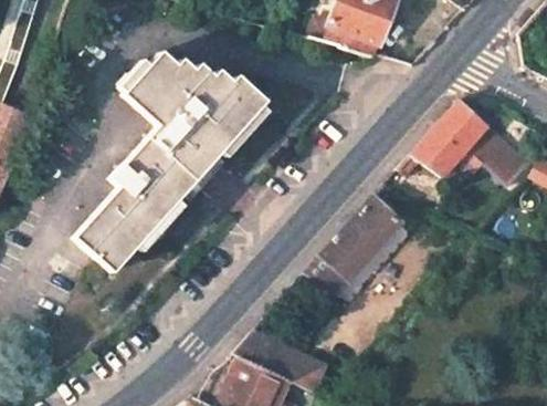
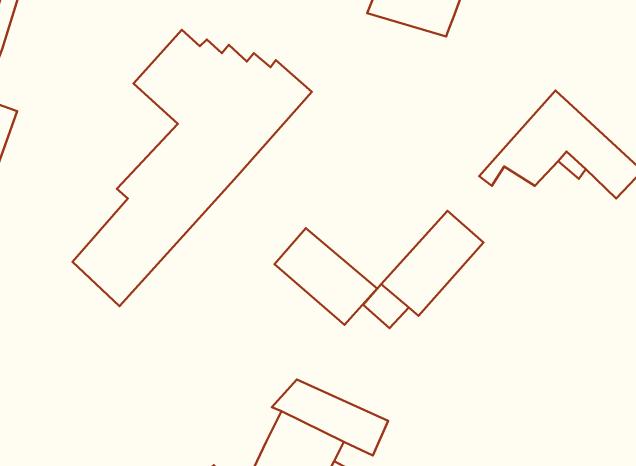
building: none -> [275,228,377,325]

